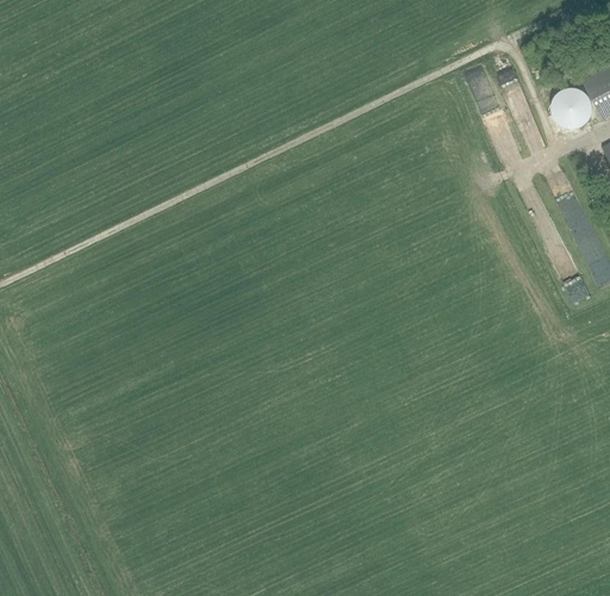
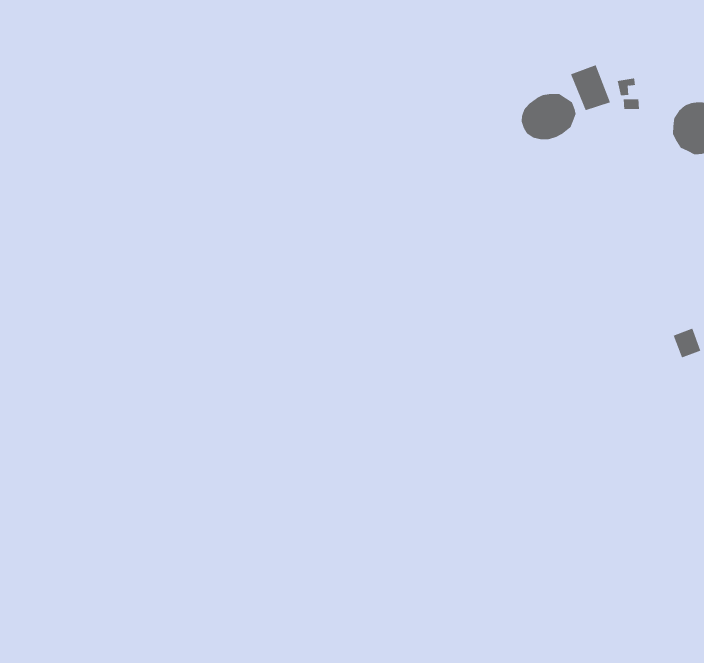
building: none -> [521,93,576,140]

